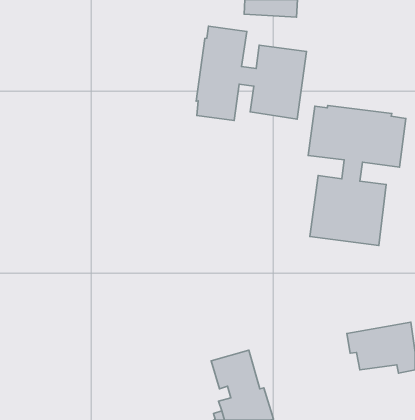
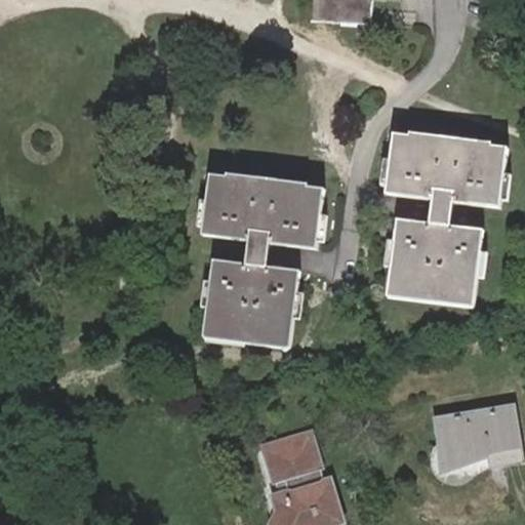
building: [196,26,306,120] -> none
building: none -> [202,171,326,347]

